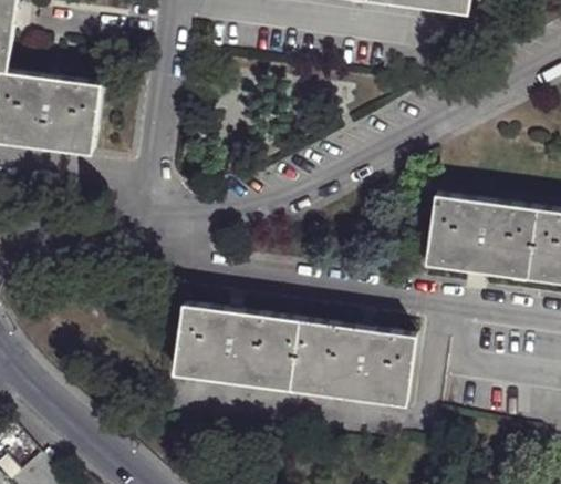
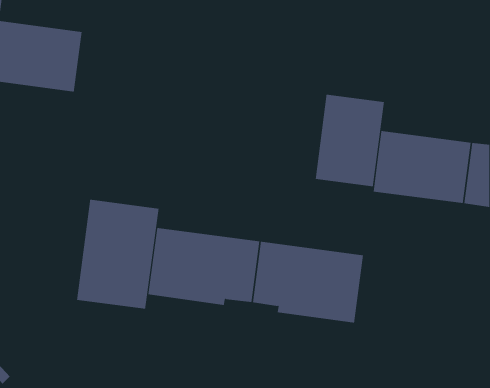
building: none -> [315,94,384,187]
building: none -> [76,199,159,310]

